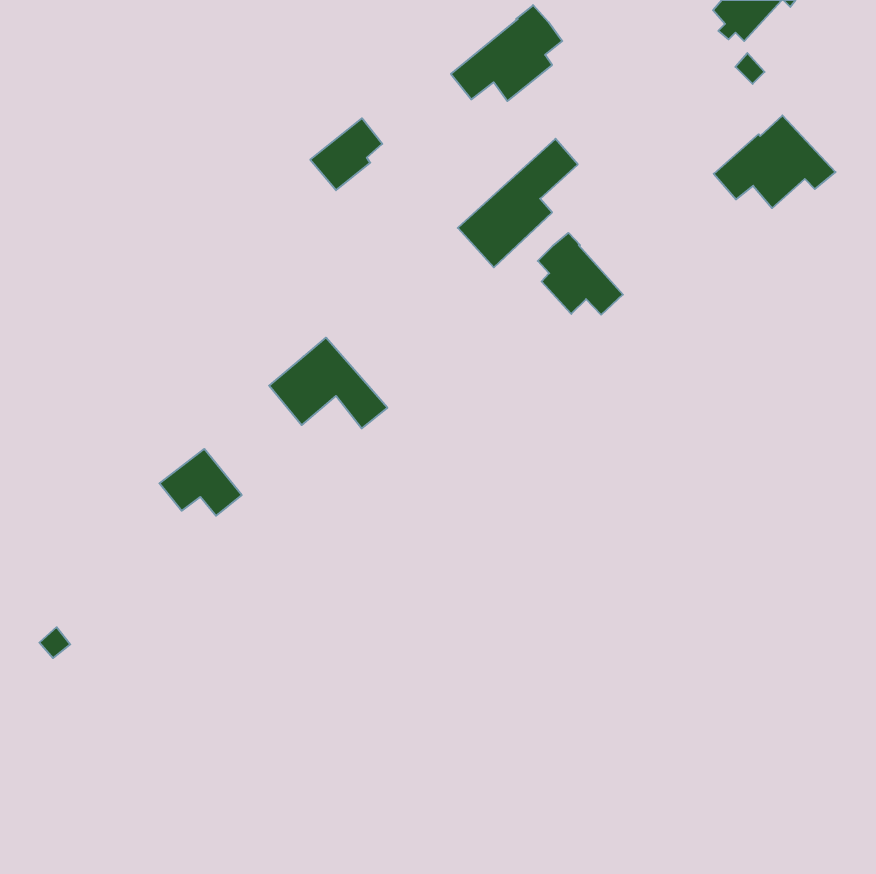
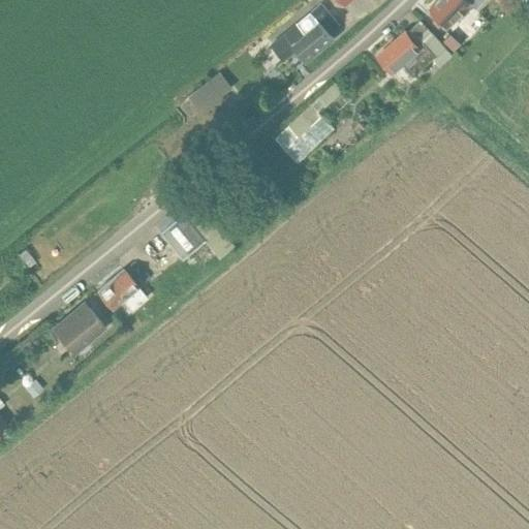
building: [714,115,836,208] -> [378,22,452,77]
building: [538,233,623,315] -> none
building: none -> [51,304,102,353]

